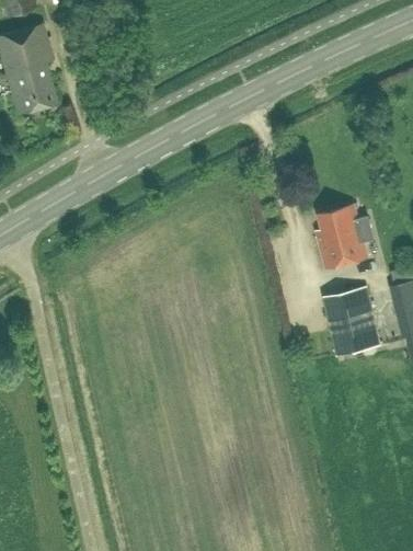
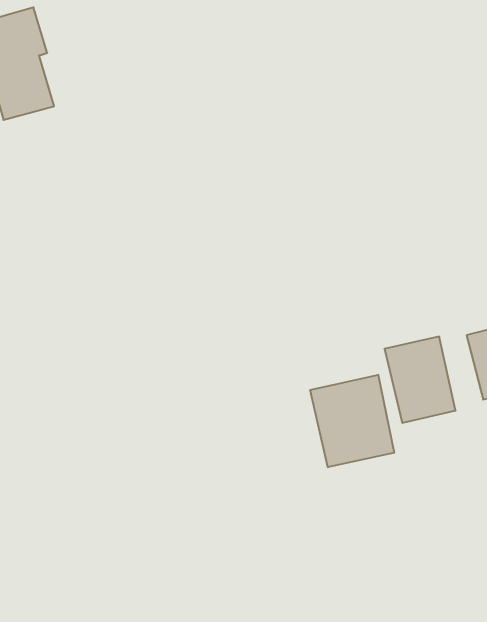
building: [318,207,374,268] -> none
building: none -> [310,375,394,467]

